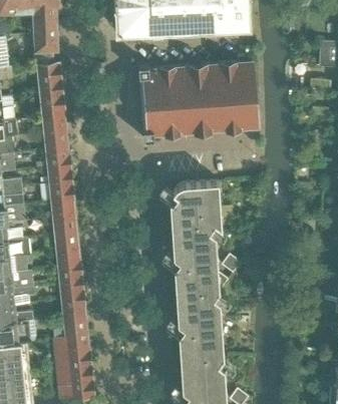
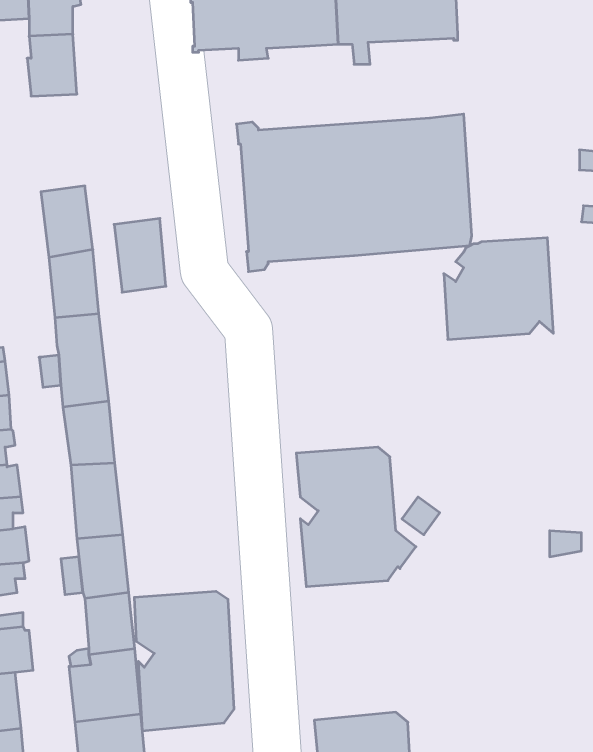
building: [36,66,62,103] -> [114,218,166,292]
building: [166,183,222,235] -> [444,238,553,339]
building: [174,299,224,369] -> [134,591,234,731]

